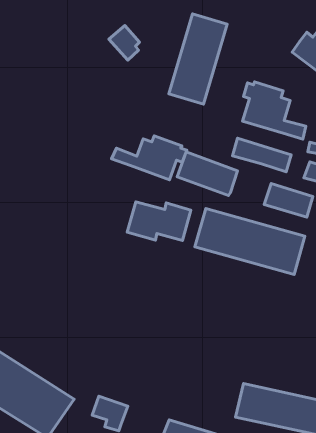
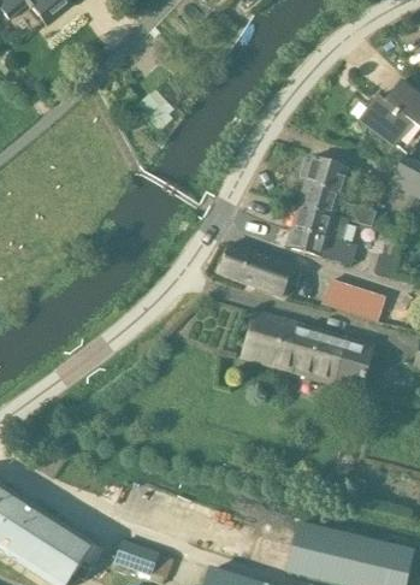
building: [169,14,227,104] -> none
building: none -> [292,205,348,241]
building: [112,136,187,180] -> none
building: [127,202,191,240] -> none

